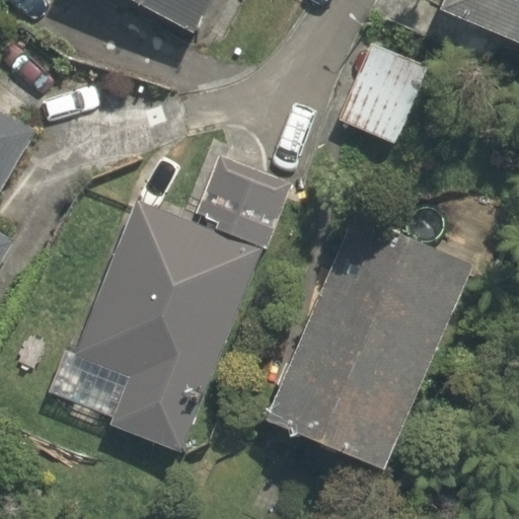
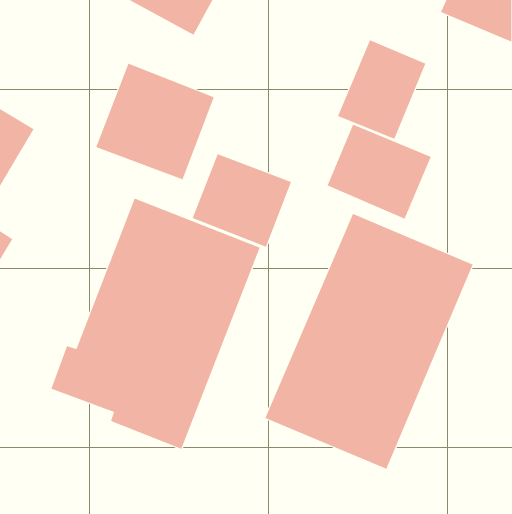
building: none -> [96,63,214,180]
building: none -> [327,124,431,219]

